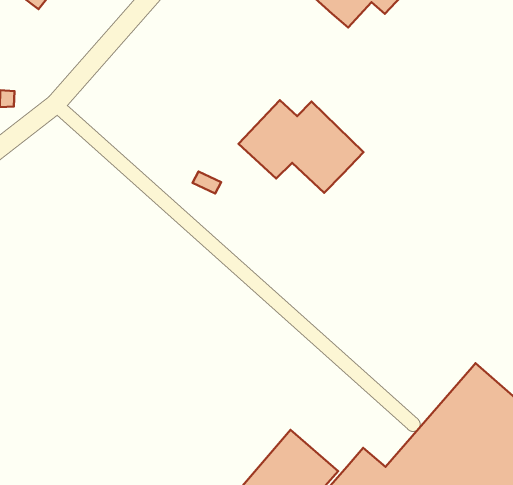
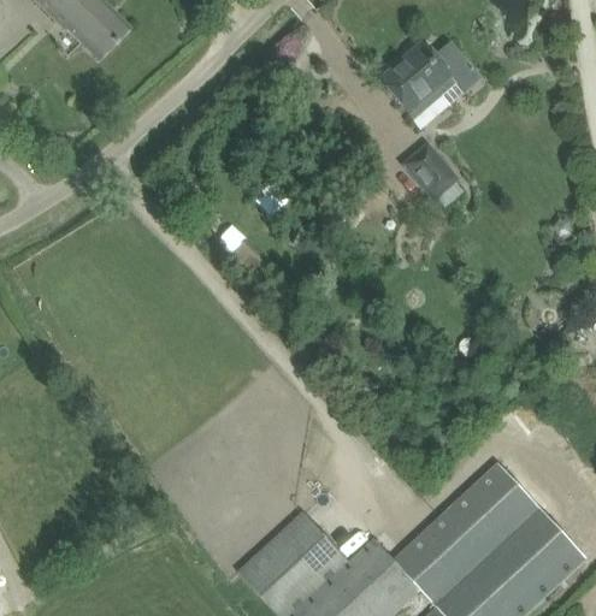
building: none -> [403,146,456,200]
building: [238,100,364,193] -> none

